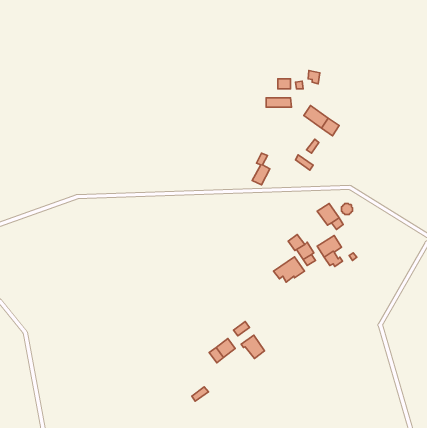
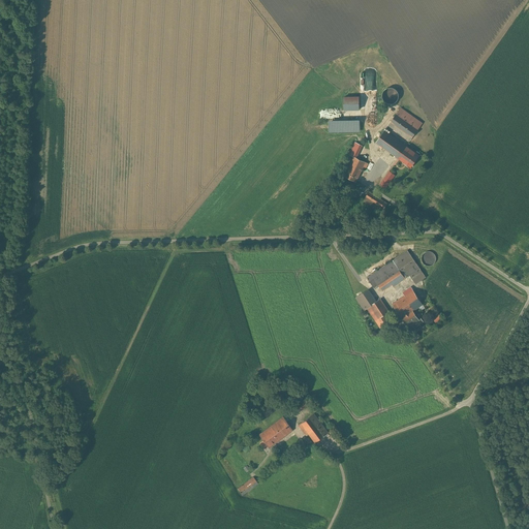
building: none -> [390,107,422,137]
building: [252,153,270,185] -> [343,143,365,182]
building: [274,257,305,282] -> [366,260,404,291]

